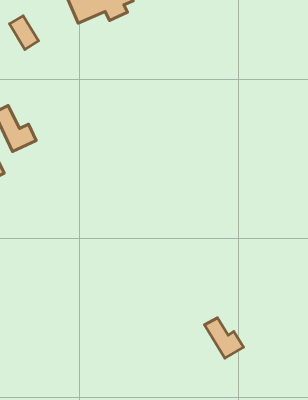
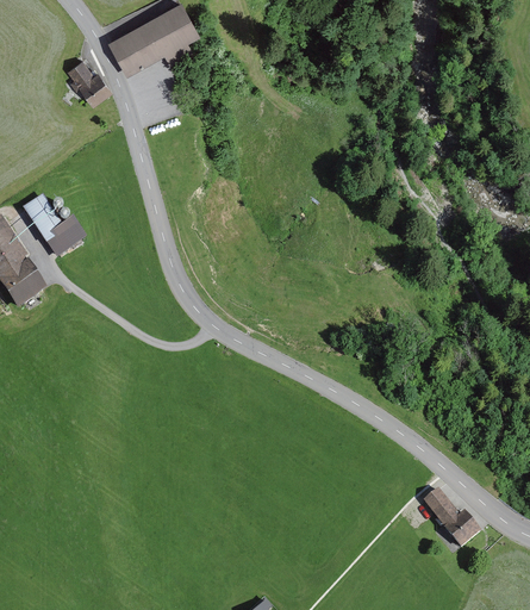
building: [10,16,39,50] -> [68,55,111,101]
building: [205,318,243,358] -> [428,493,485,548]

